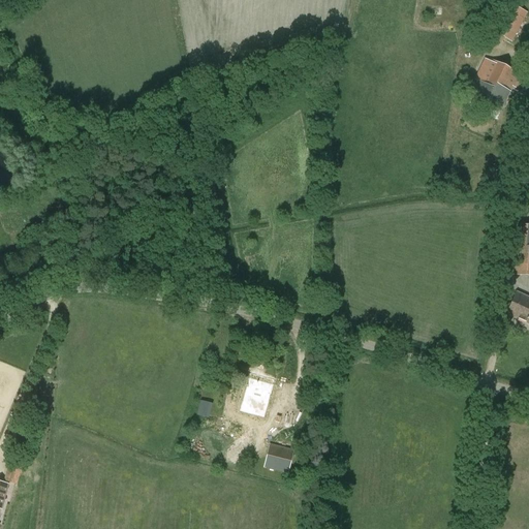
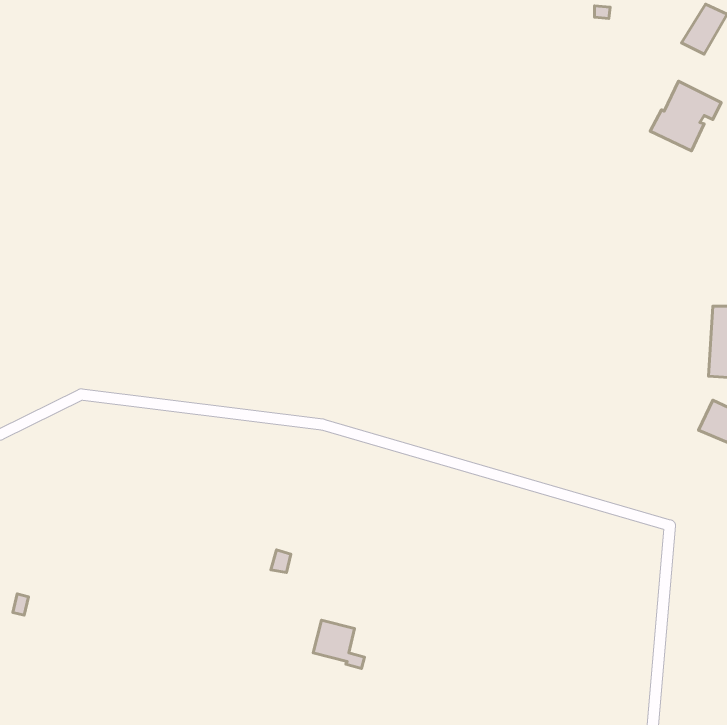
building: [242,373,275,413] -> none
building: [264,442,302,477] -> [313,620,364,669]

